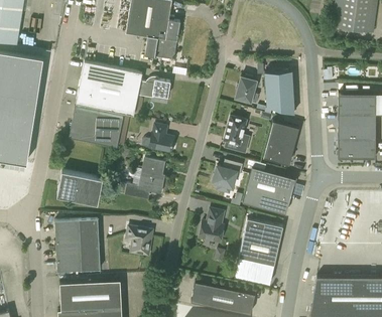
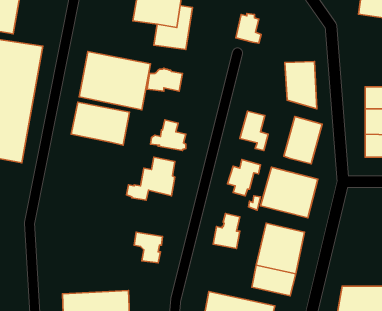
building: [235,76,258,104] -> [236,14,261,43]
building: [56,171,102,205] -> none
building: [54,219,100,273] -> none

